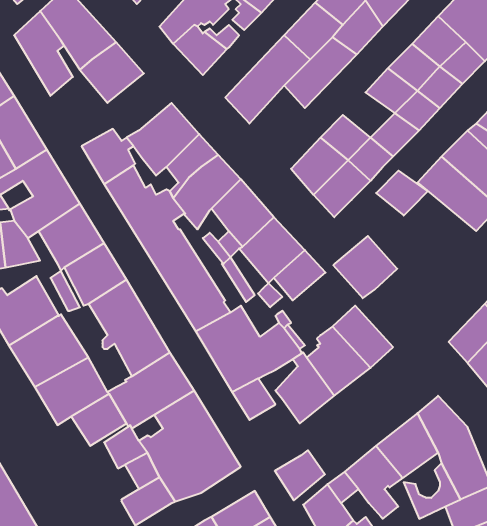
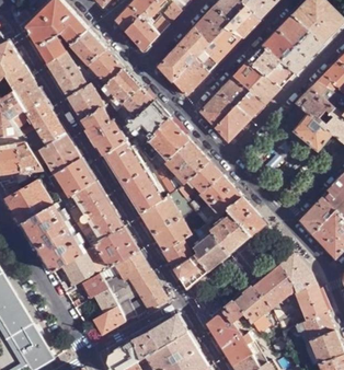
building: none -> [83,49,124,85]
building: none -> [47,51,89,95]
building: none -> [173,57,208,94]
building: [376,171,428,216] -> [232,61,265,90]
building: [333,236,397,298] -> [199,175,240,215]
building: [275,450,325,500] -> [173,255,205,287]

